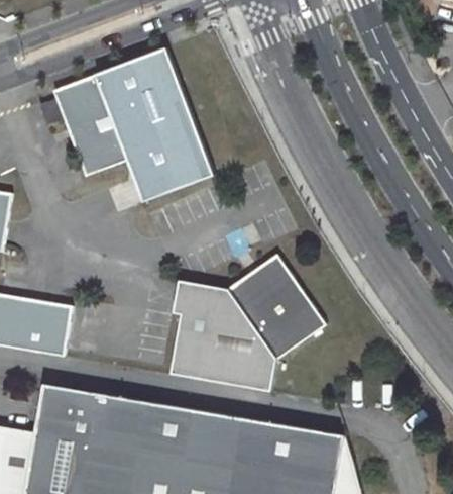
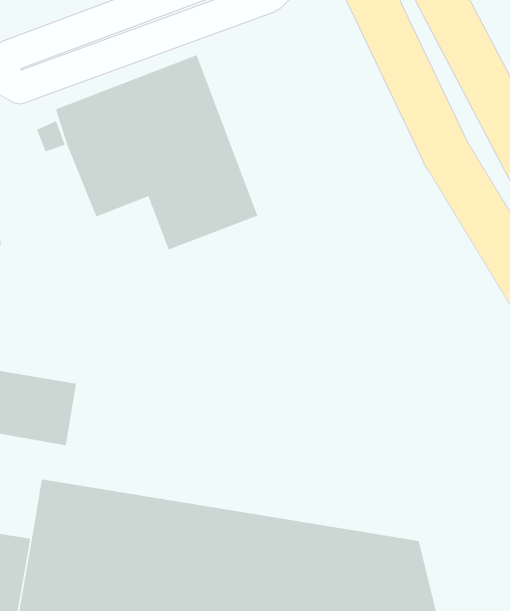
building: [167,257,322,394] -> none

